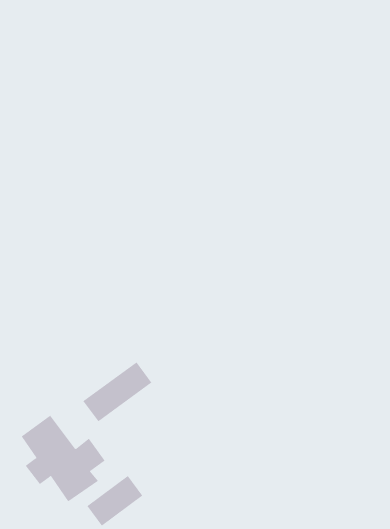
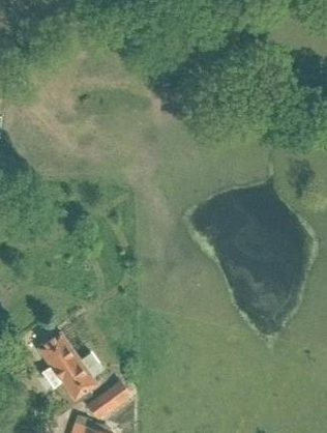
building: [83,362,152,422] -> none

